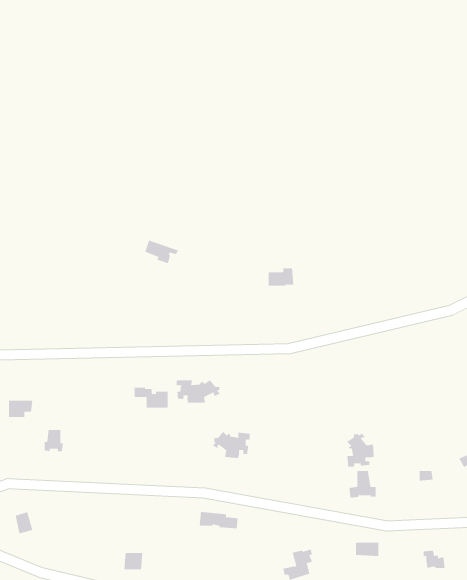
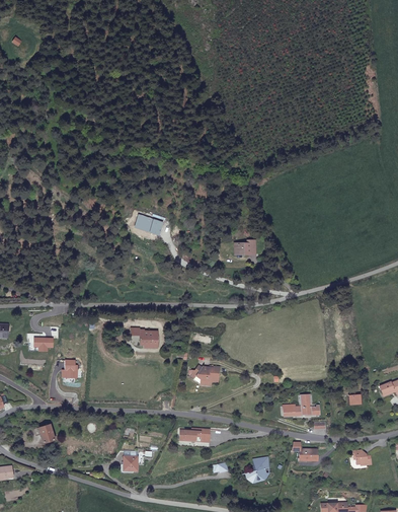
building: [176,380,221,404] -> none
building: [346,432,374,468] -> none

